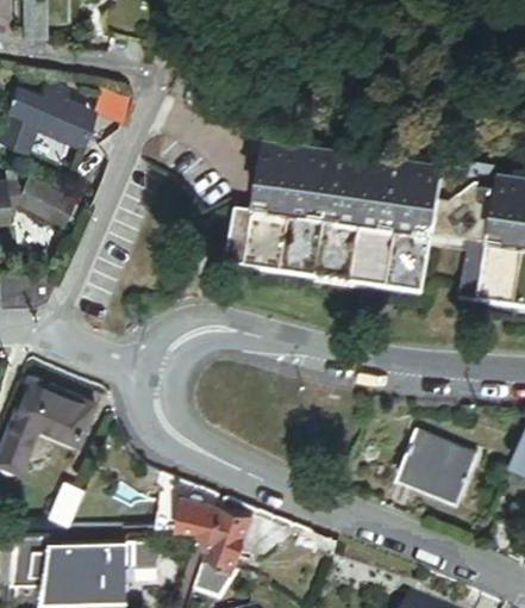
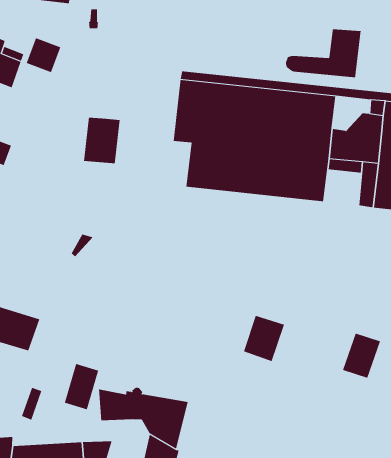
building: none -> [285,28,361,78]
building: [230,211,276,267] -> [83,117,121,164]
building: [399,435,449,490] -> [243,315,285,362]
building: none -> [64,363,99,410]

